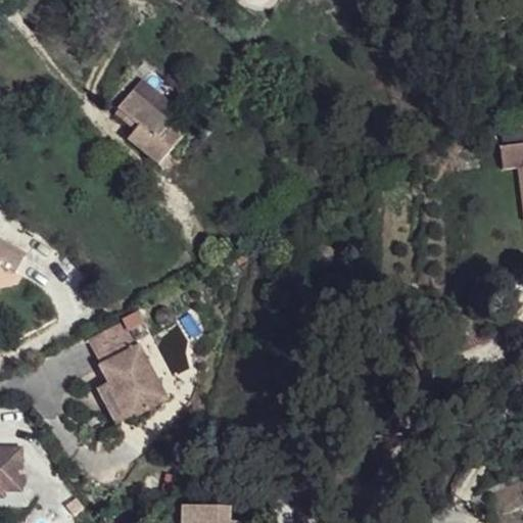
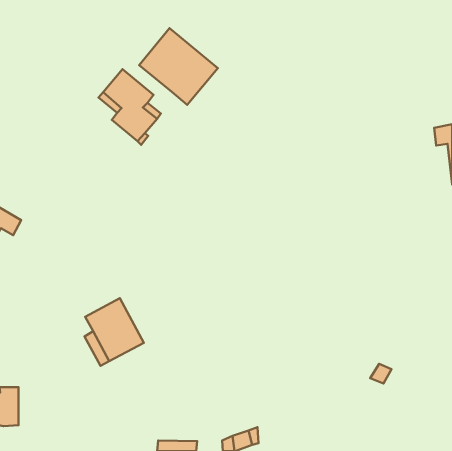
building: none -> [139,28,218,105]
building: [86,320,138,365] -> none

